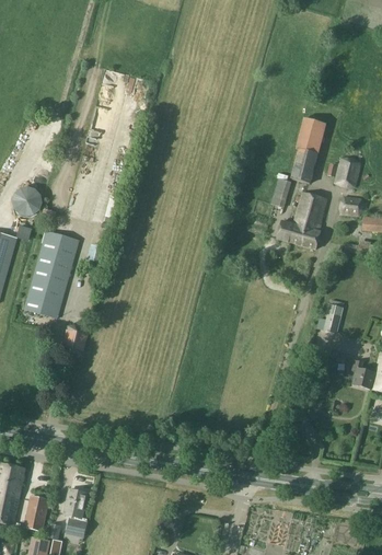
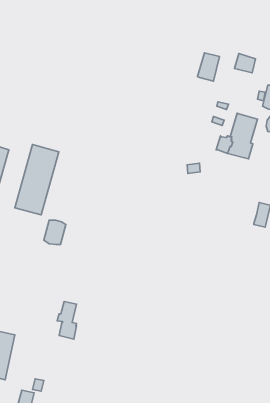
building: [290,148,317,183] -> [198,53,220,81]
building: [12,186,43,217] -> none
building: [63,490,88,537] -> [57,301,77,339]
building: [24,495,48,530] -> none

